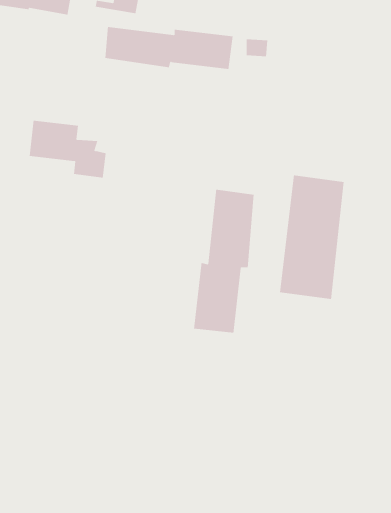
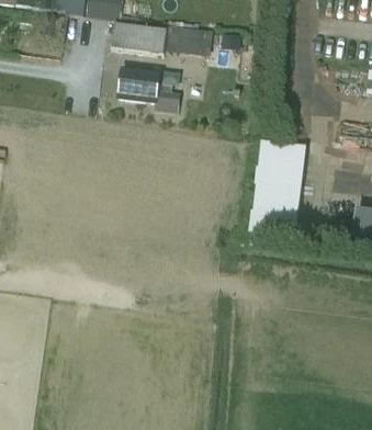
building: [29,120,106,178] -> [116,67,178,113]
building: [193,189,254,334] -> none

